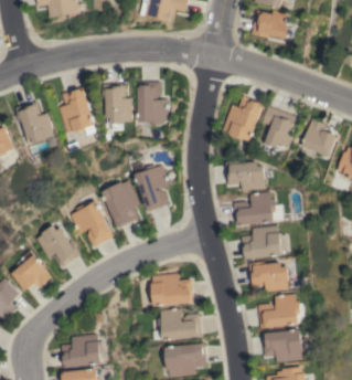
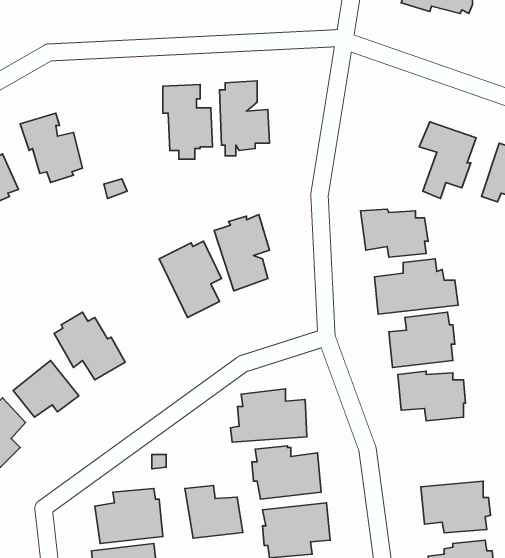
building: [58,86,97,135] -> none
building: [222,95,265,140] -> none
building: [68,201,113,246] -> none
building: [259,293,306,327] -> none
building: none -> [185,485,243,538]

